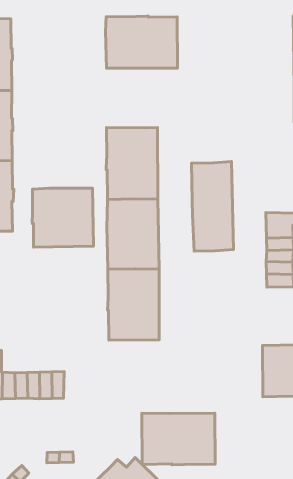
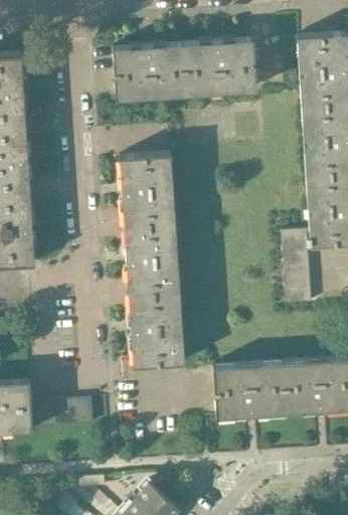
building: none -> [184,40,256,96]
building: [191,162,233,251] -> none
building: [32,188,94,247] -> none
building: [142,413,215,465] -> [214,363,289,417]

